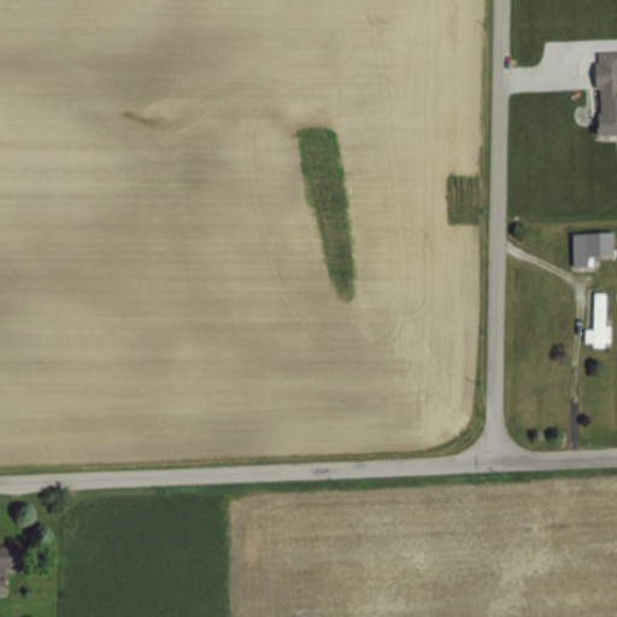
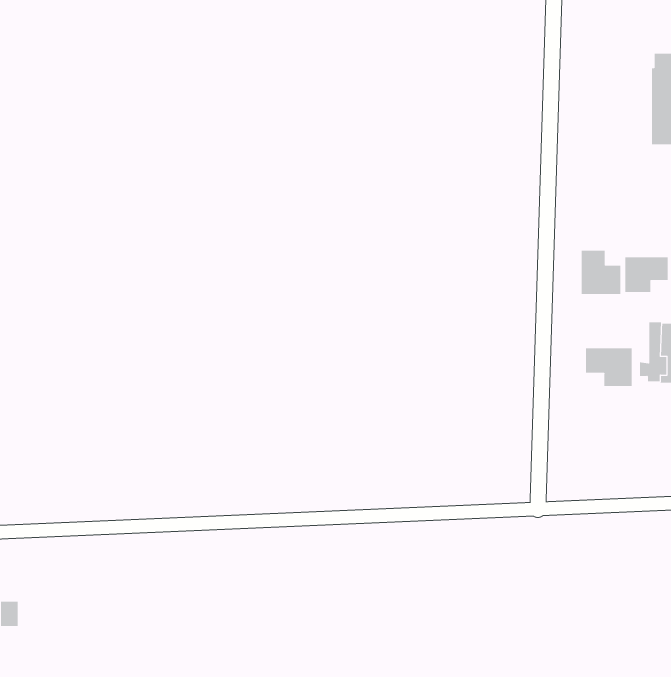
building: none -> [581,250,621,295]
building: none -> [586,348,632,387]

